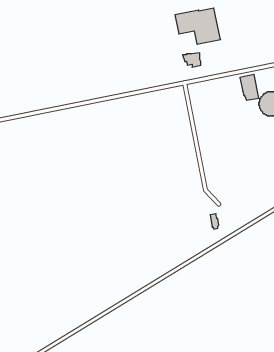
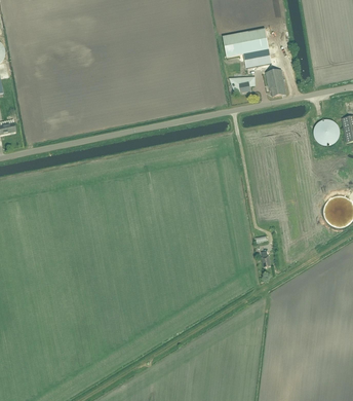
building: [240,74,259,100] -> [266,68,286,96]

